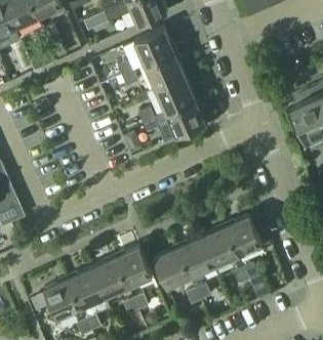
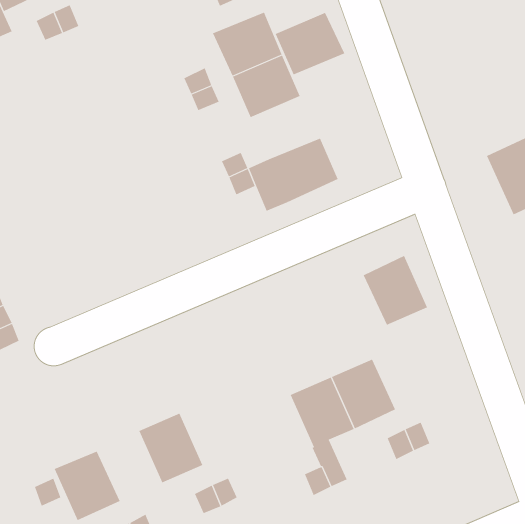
building: [155,77,195,113] -> [275,12,345,75]
building: [225,215,261,255] -> [363,255,428,325]
building: [115,247,152,287] -> none
building: [153,247,191,288] -> none
building: [68,267,105,307] -> none

